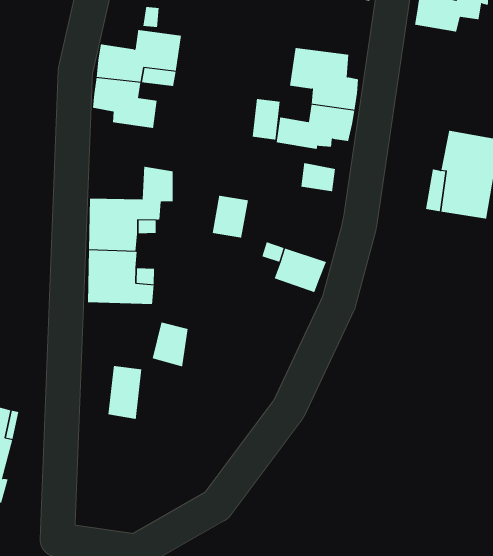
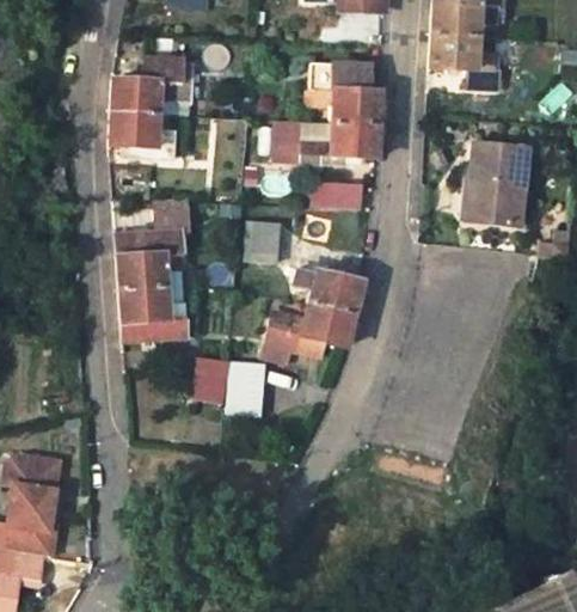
building: none -> [429,32,499,90]
building: none -> [260,302,352,363]
building: [108,366,142,419] -> [229,361,260,414]

